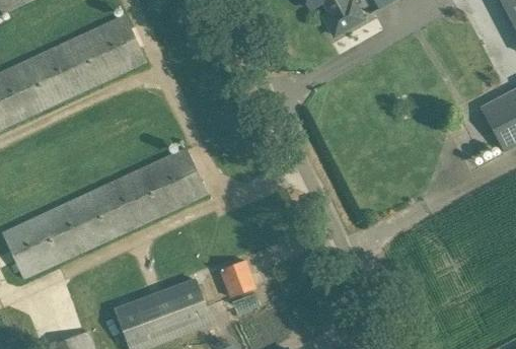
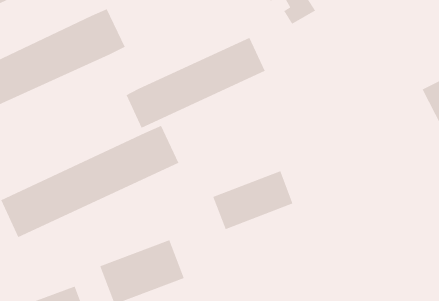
building: none -> [125,37,266,129]
building: none -> [212,170,294,230]
building: [221,260,255,295] -> none

